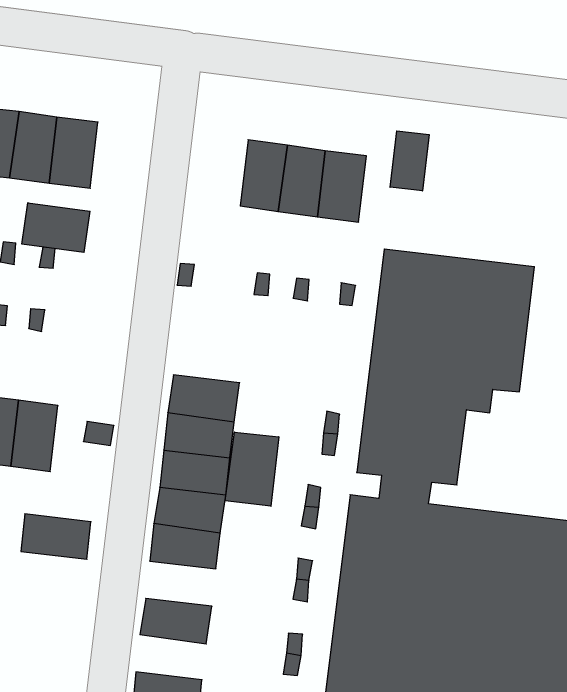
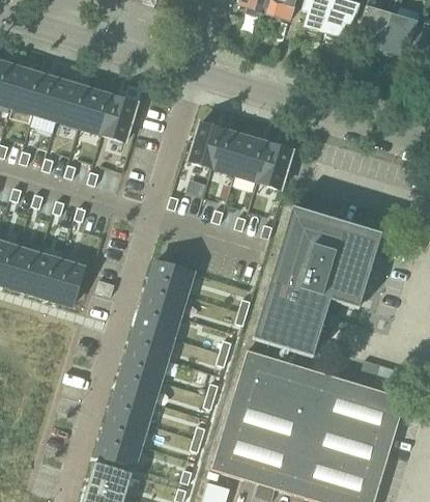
building: [390,131,429,191] -> none
building: none -> [189,122,224,168]
building: [22,203,90,252] -> none
building: [225,432,279,506] -> none
building: [21,514,91,559] -> [116,369,161,402]
building: none -> [103,412,147,445]

